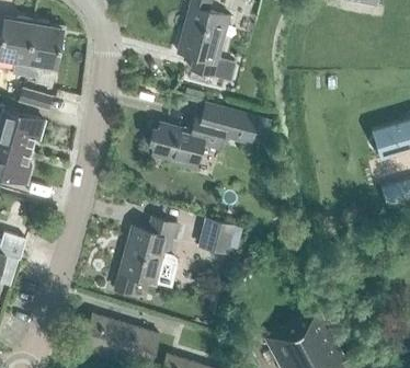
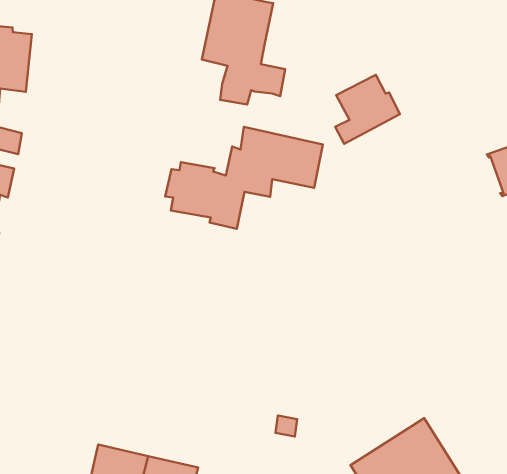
building: none -> [335,75,400,144]
building: [116,219,181,297] -> none
building: [197,220,238,260] -> none

